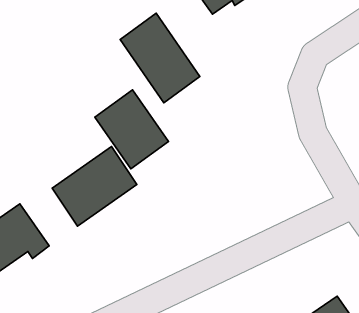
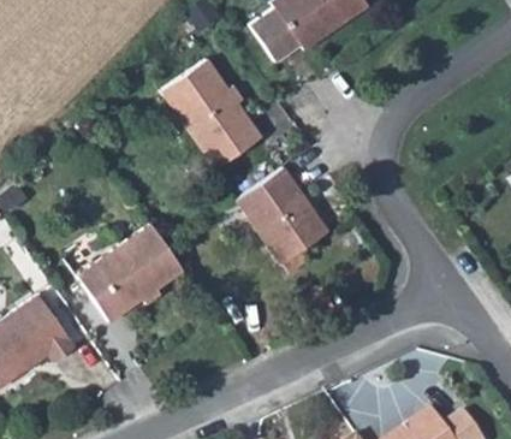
building: [95,90,169,169] -> [238,166,329,263]

